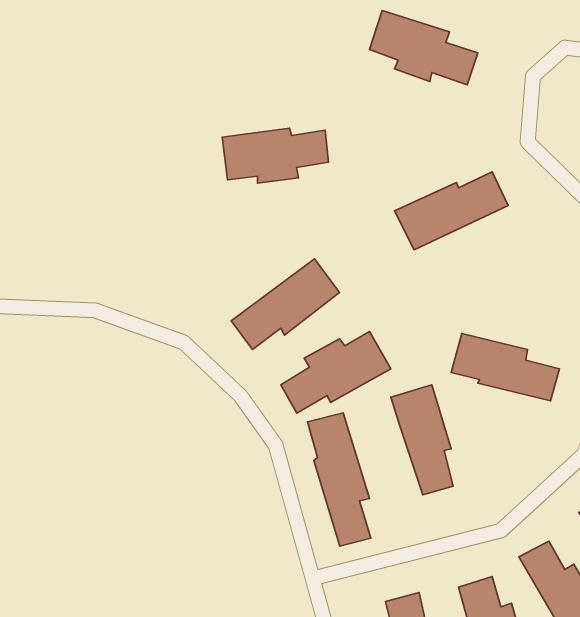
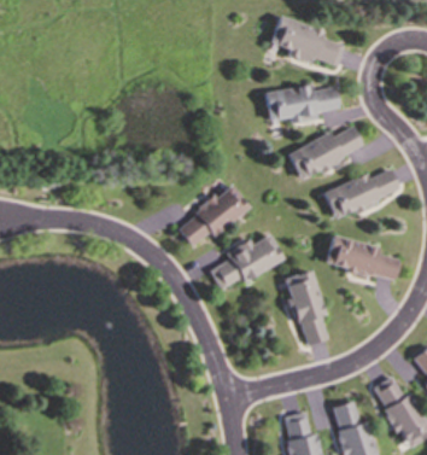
building: [222,128,329,183] -> [265,86,338,123]
building: none -> [323,169,399,218]
building: [308,413,371,546] -> none

